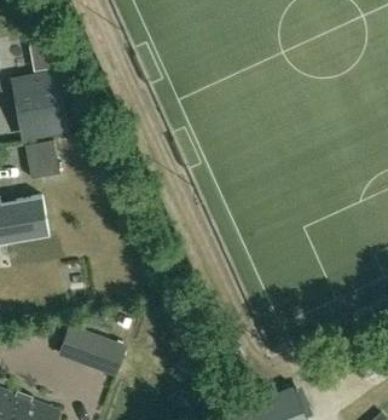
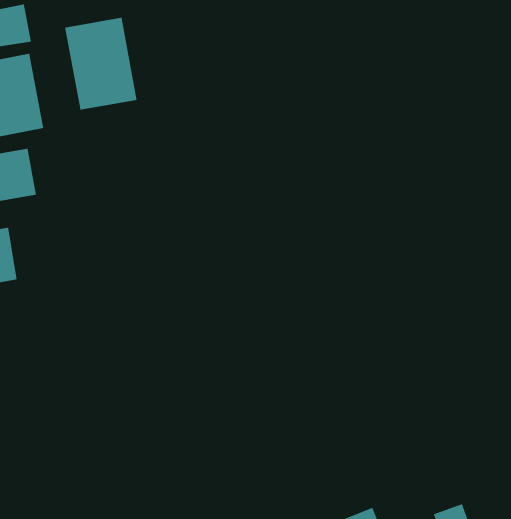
building: none -> [64,17,138,111]
building: [59,329,123,374] -> none

